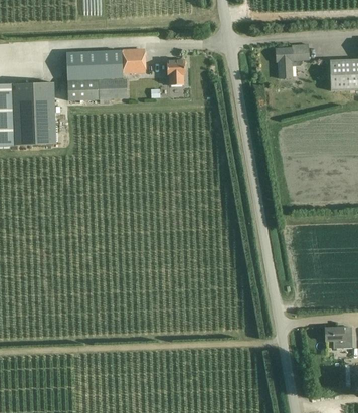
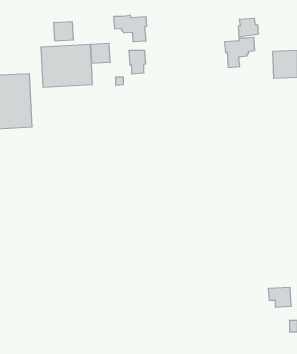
building: none -> [114,15,146,42]
building: none -> [238,18,258,37]
building: none -> [54,22,73,41]

